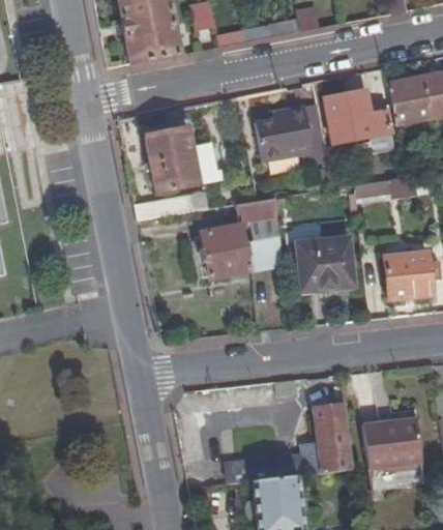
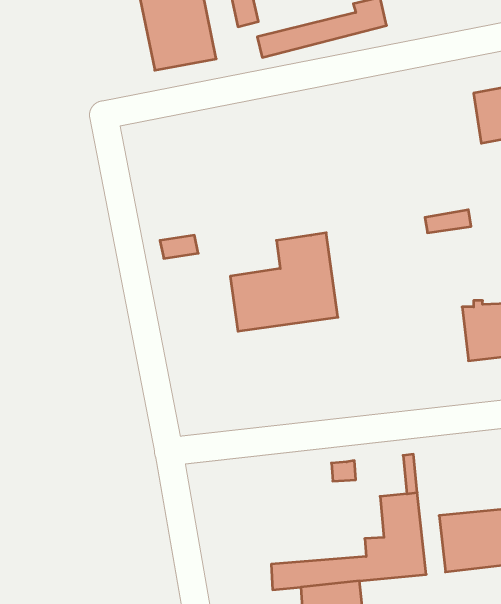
building: [327,87,393,145] -> none
building: [260,107,316,159] -> none
building: [147,126,201,192] -> none
building: [297,237,350,289] -> none

